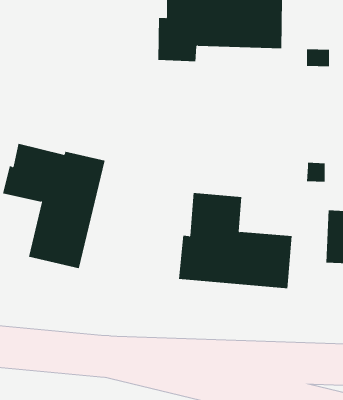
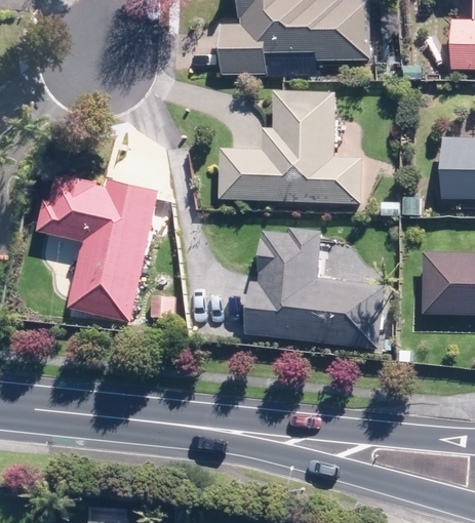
building: none -> [220,89,362,204]

